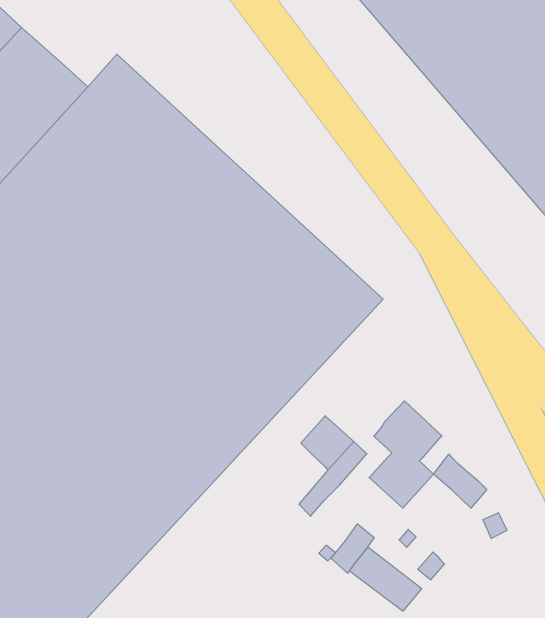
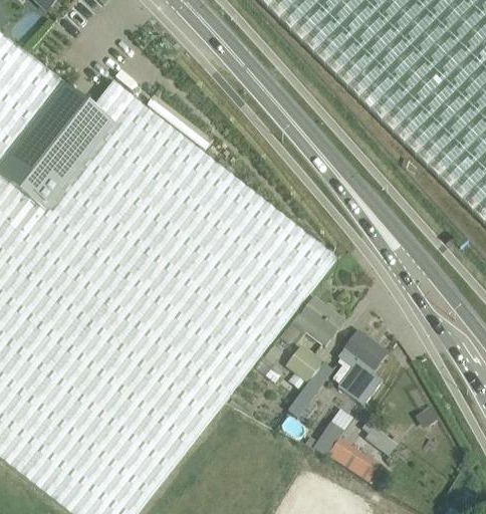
building: none -> [94,80,132,119]
building: none -> [281,296,344,344]
building: [433,454,487,508] -> none

